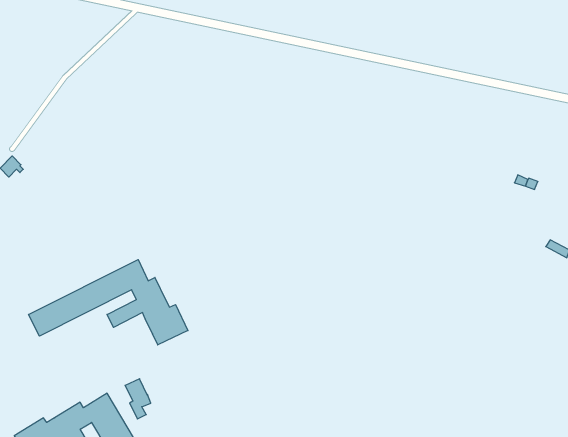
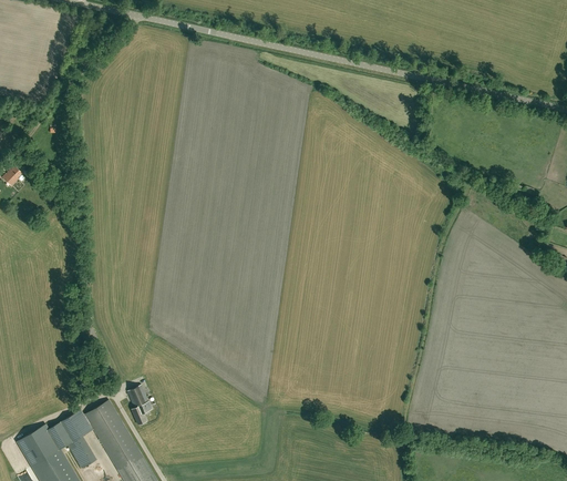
building: [29,260,188,345] -> none

